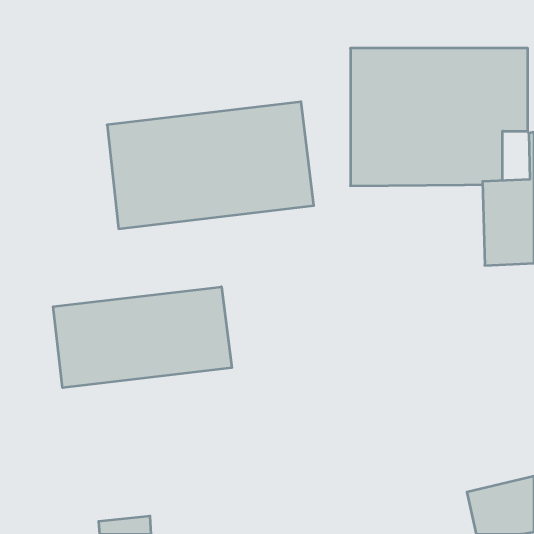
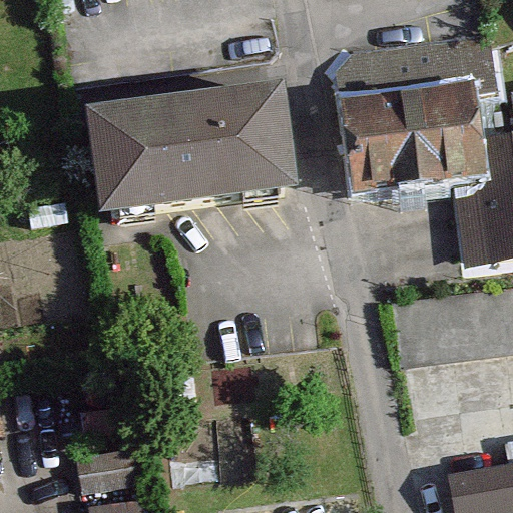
building: [53,287,232,388] -> none

